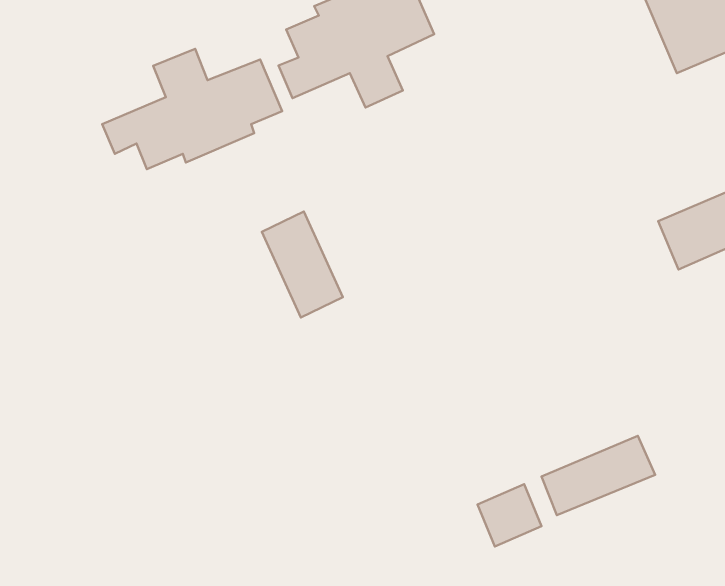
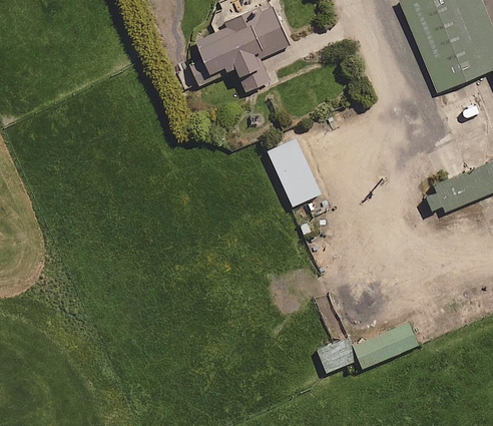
building: [102,49,282,169] -> none
building: [262,212,343,317] -> [269,140,321,208]

